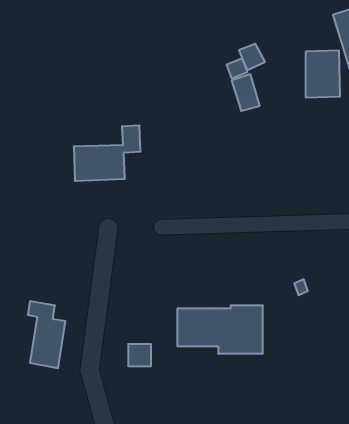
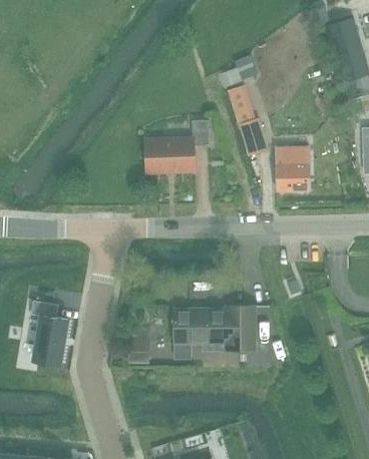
building: [306,51,340,98] -> [277,145,310,190]
building: none -> [236,113,269,155]
building: [74,125,141,181] -> [145,119,210,172]

